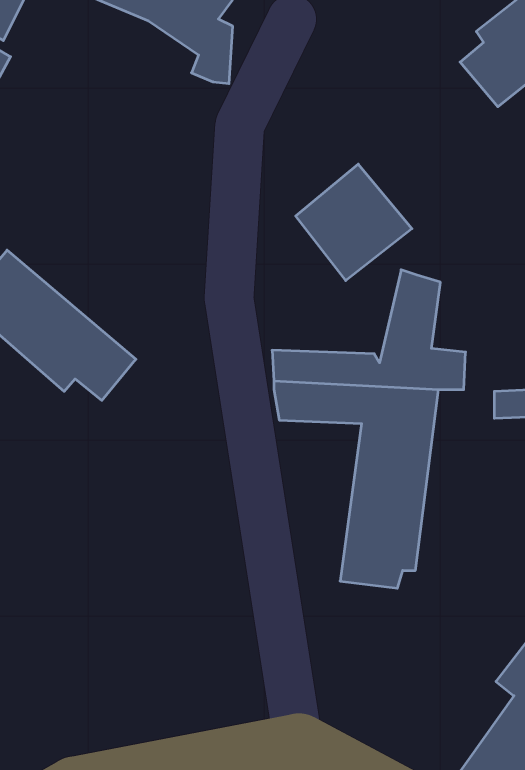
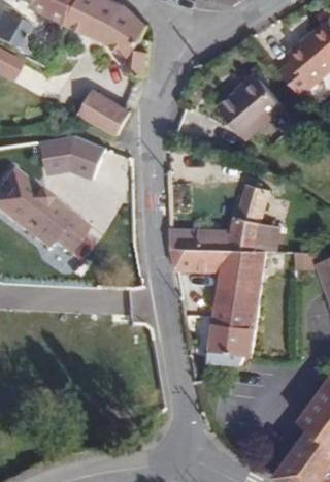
building: none -> [77,90,128,135]
building: [296,164,412,281] -> [216,70,283,137]
building: none -> [31,135,99,179]

